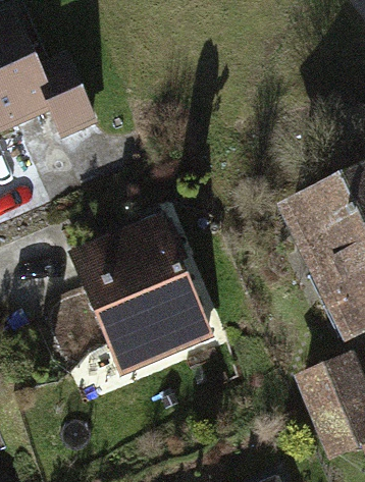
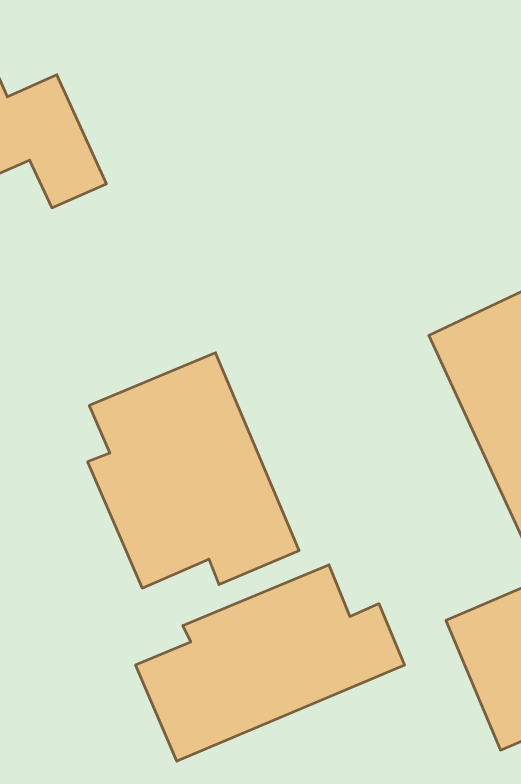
building: none -> [136,565,404,761]

